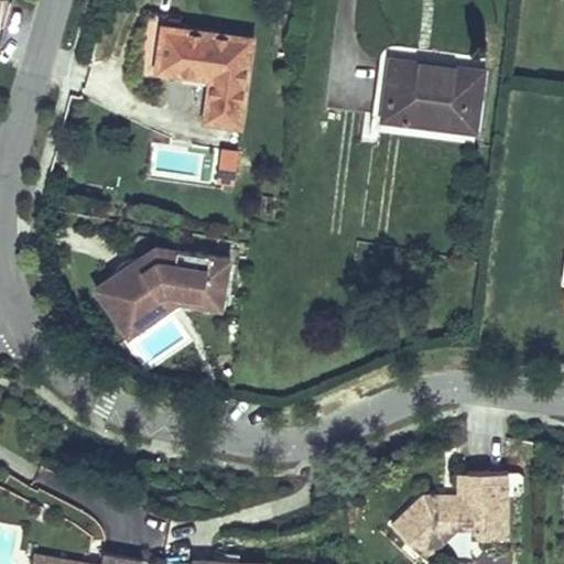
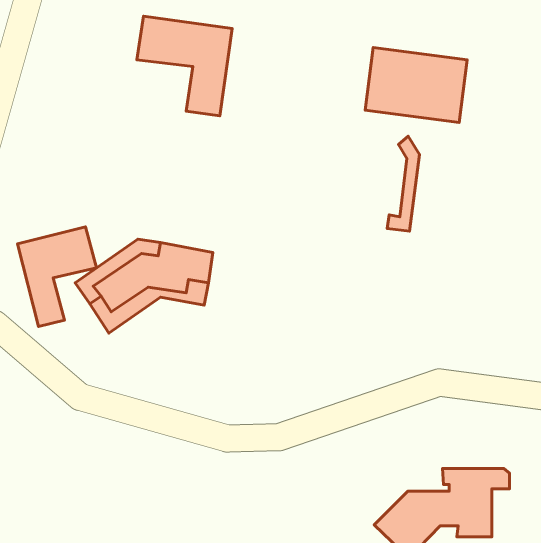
building: none -> [387,136,419,231]
building: none -> [18,227,96,326]

